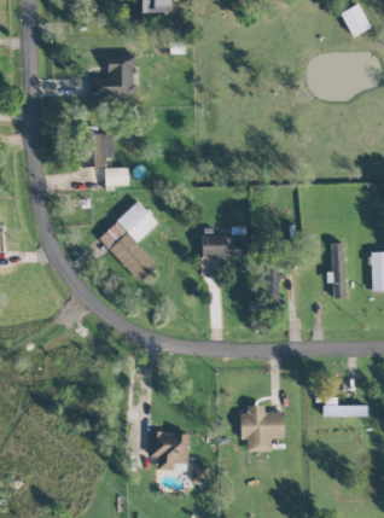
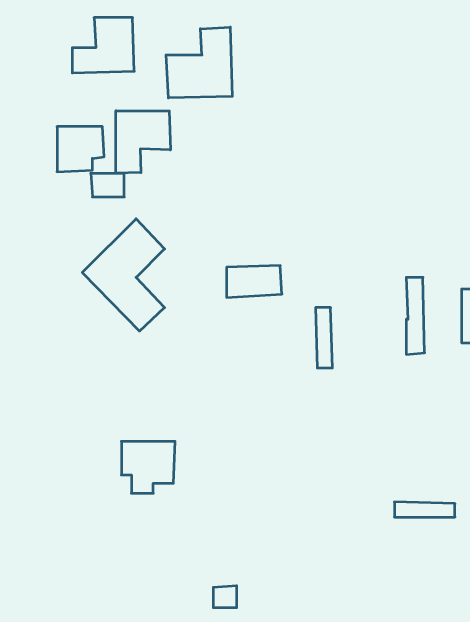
building: none -> [166,27,232,98]
building: none -> [116,111,170,173]
building: [243,404,285,452] -> none
building: [151,432,190,470] -> [121,441,175,493]

